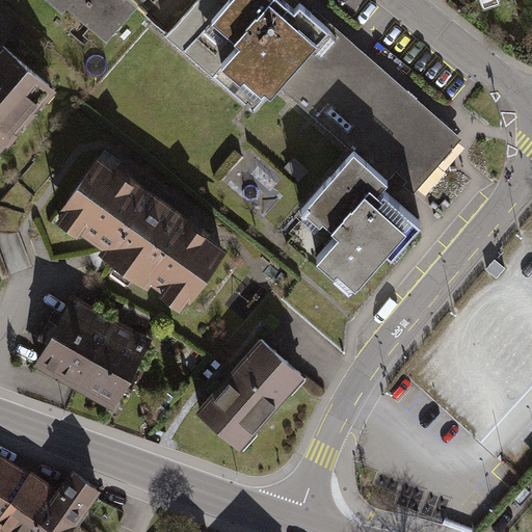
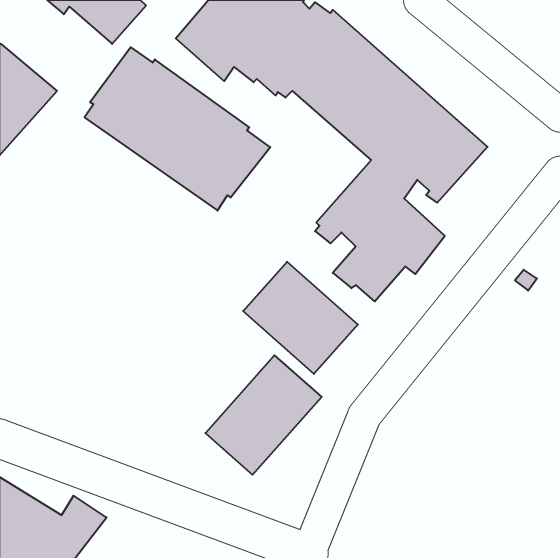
building: [53,157,229,312] -> [85,47,270,211]
building: none -> [243,262,358,374]
building: [32,293,151,408] -> none

